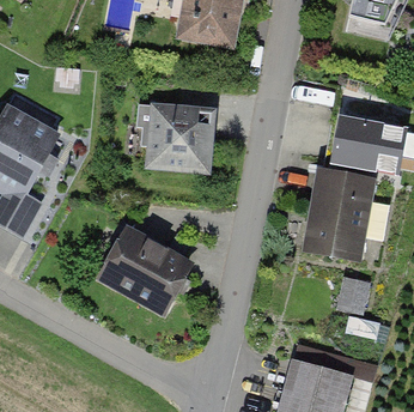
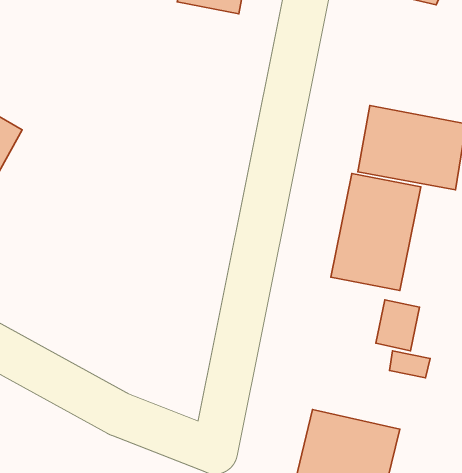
building: [150,108,215,170] -> none
building: [97,228,191,315] -> none

